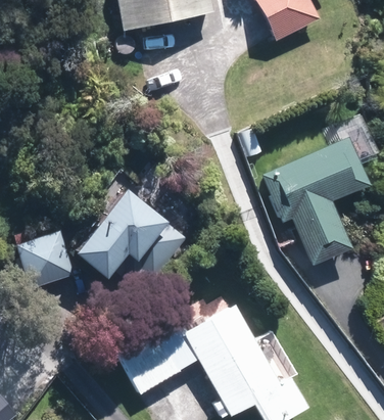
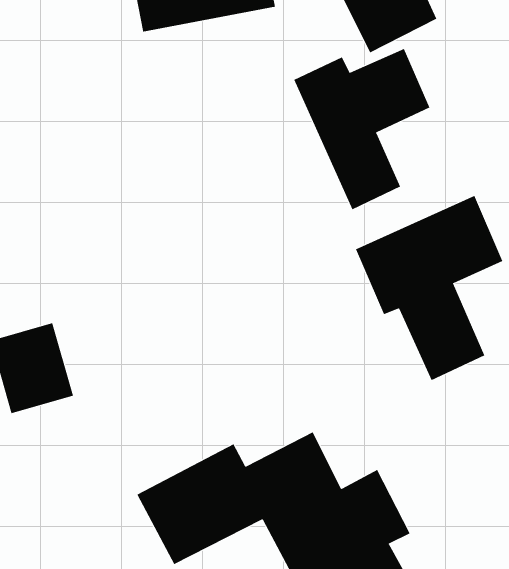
building: none -> [293,48,430,210]
building: [73,187,189,279] -> none

